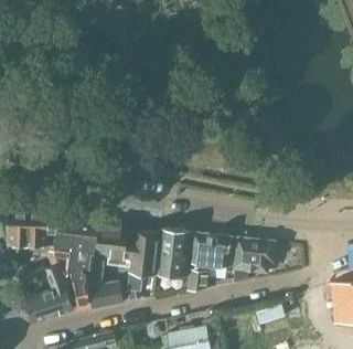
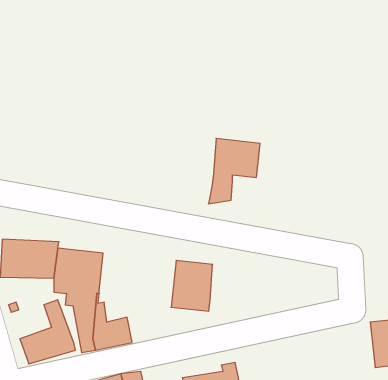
building: [93,224,159,276] -> none
building: [185,234,231,292] -> [208,138,260,204]
building: [233,240,272,274] -> none

